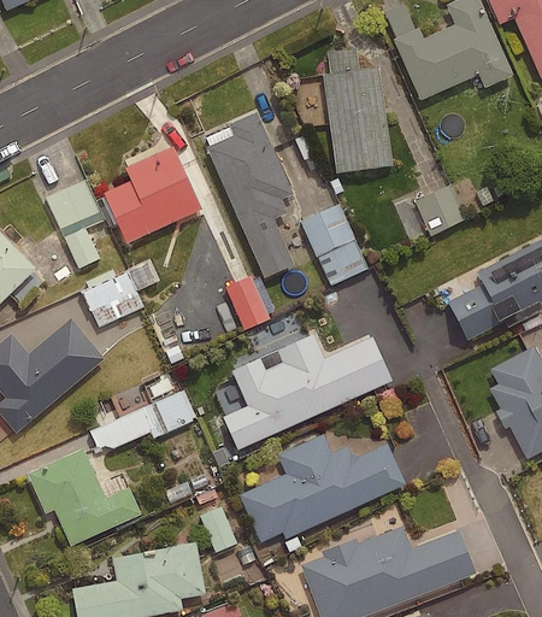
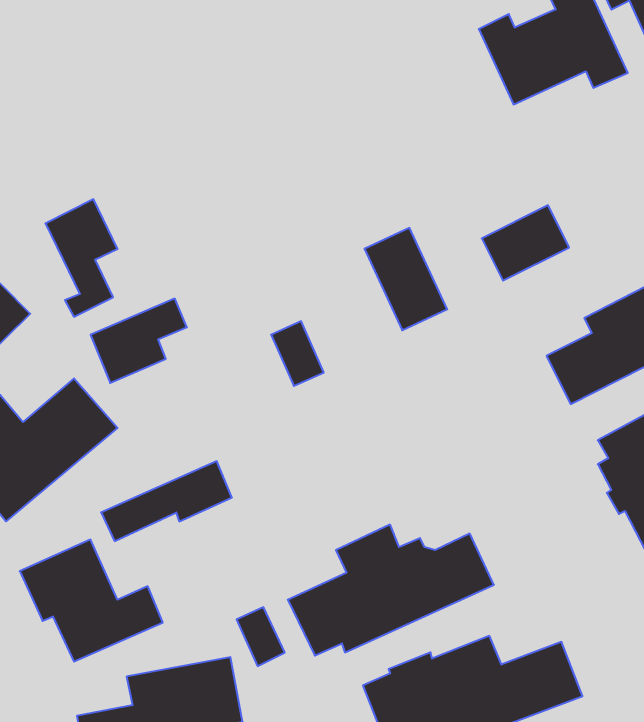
building: [323,47,391,172] -> none
building: [207,112,294,277] -> none
building: [104,146,201,243] -> none
building: [223,335,391,449] -> none

